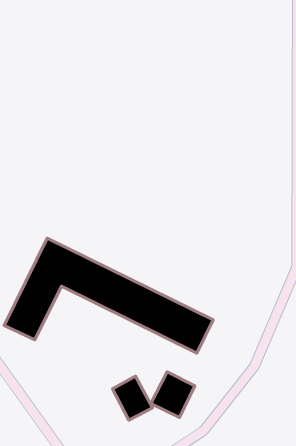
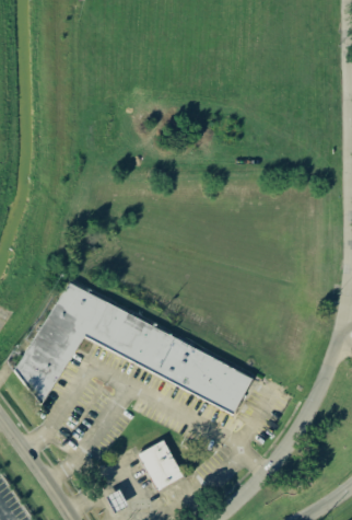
building: [151,372,195,418] -> none

